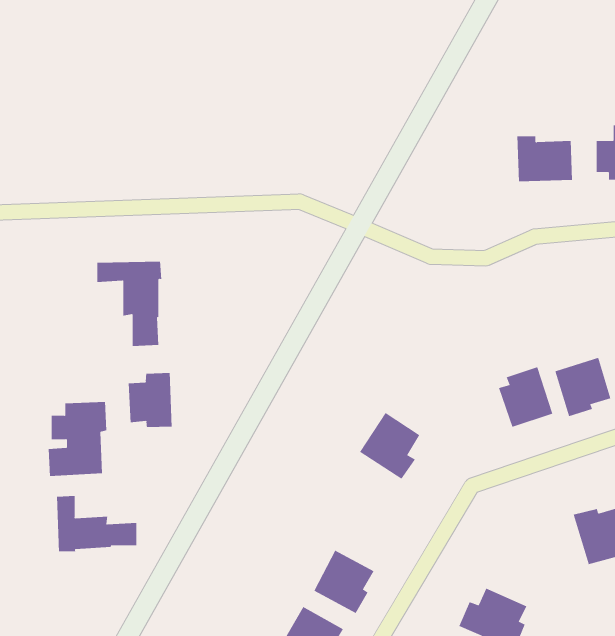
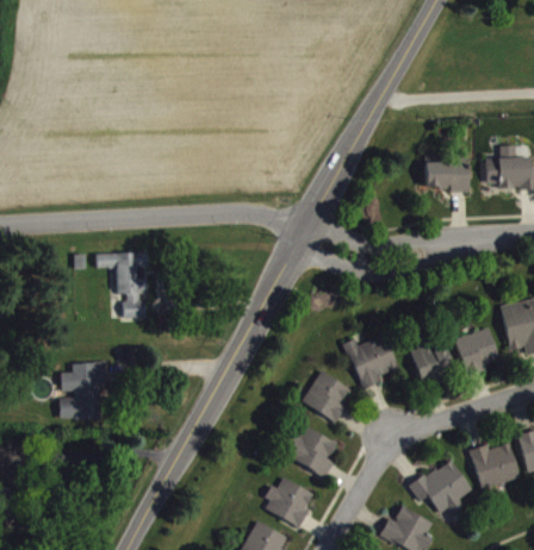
building: none -> [343,335,398,389]
building: [128,372,172,428] -> none
building: none -> [286,429,337,476]
building: [57,495,137,552] -> none
building: none -> [409,458,472,514]

